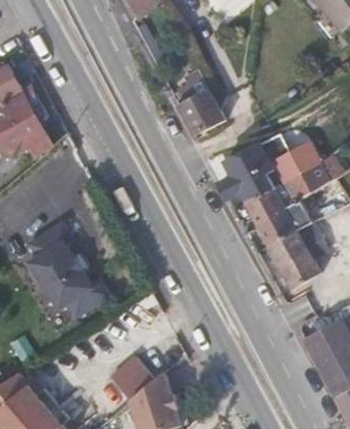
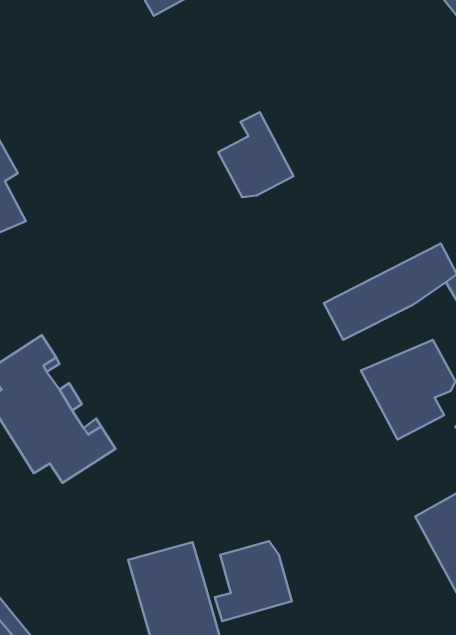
building: [218,133,319,202] -> none
building: [256,203,314,245] -> none
building: none -> [215,541,292,621]

